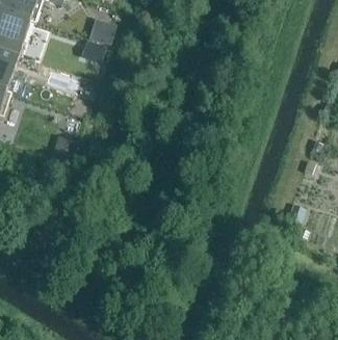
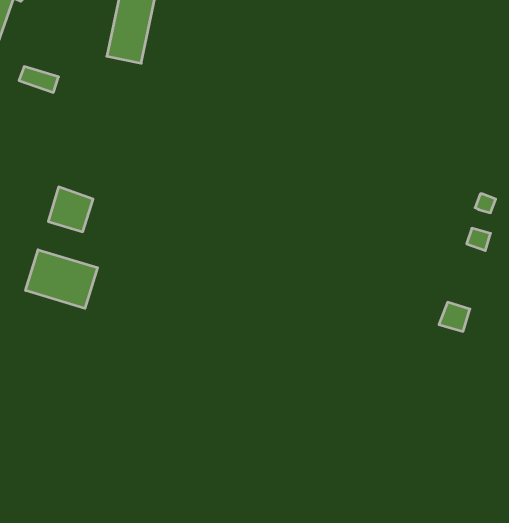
building: none -> [26,250,98,308]

